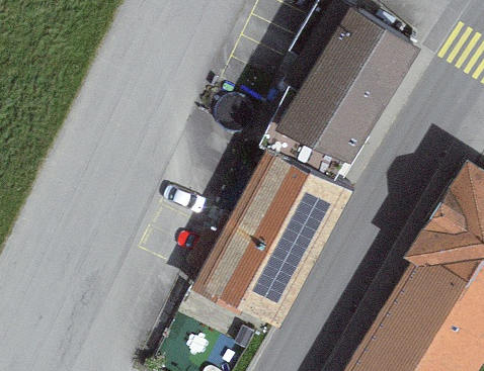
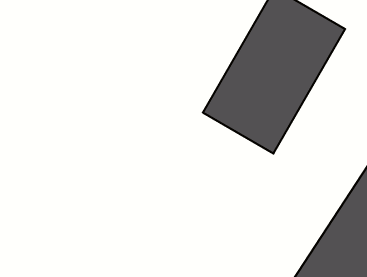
building: [196,154,336,322] -> none

